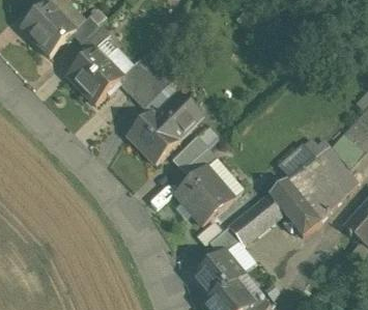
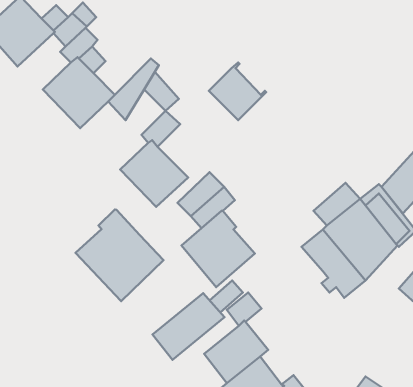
building: [132,72,163,107] -> none
building: [157,94,201,139] -> [209,63,266,120]
building: none -> [76,210,163,301]
building: [229,194,285,246] -> [152,293,224,360]

